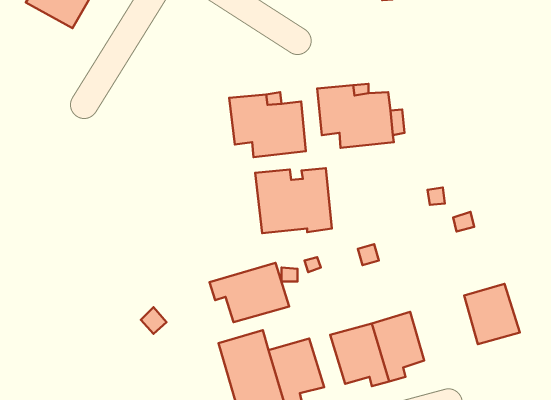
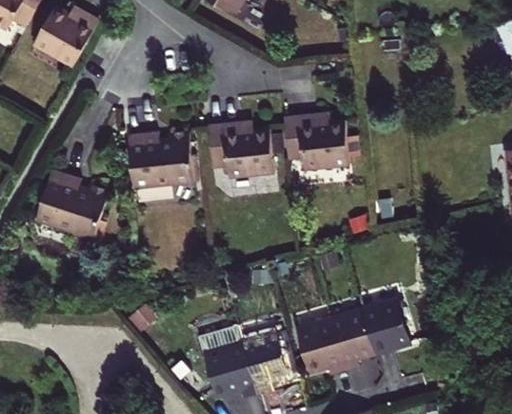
building: none -> [34,171,107,242]
building: [255,168,332,233] -> [127,131,193,187]
building: [209,263,289,322] -> none
building: [464,284,520,344] -> [363,300,411,352]

